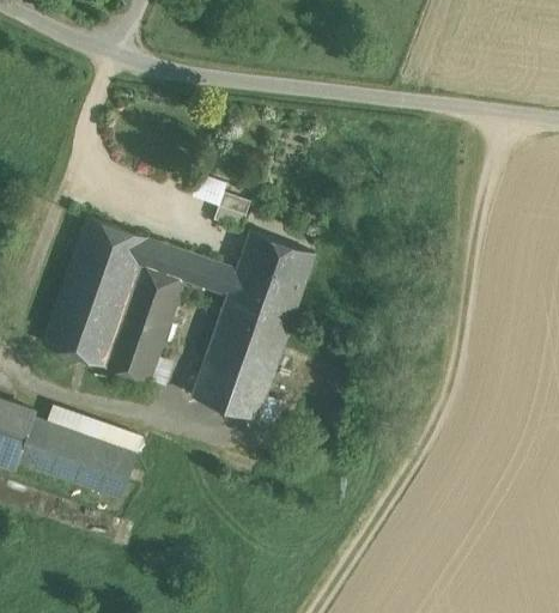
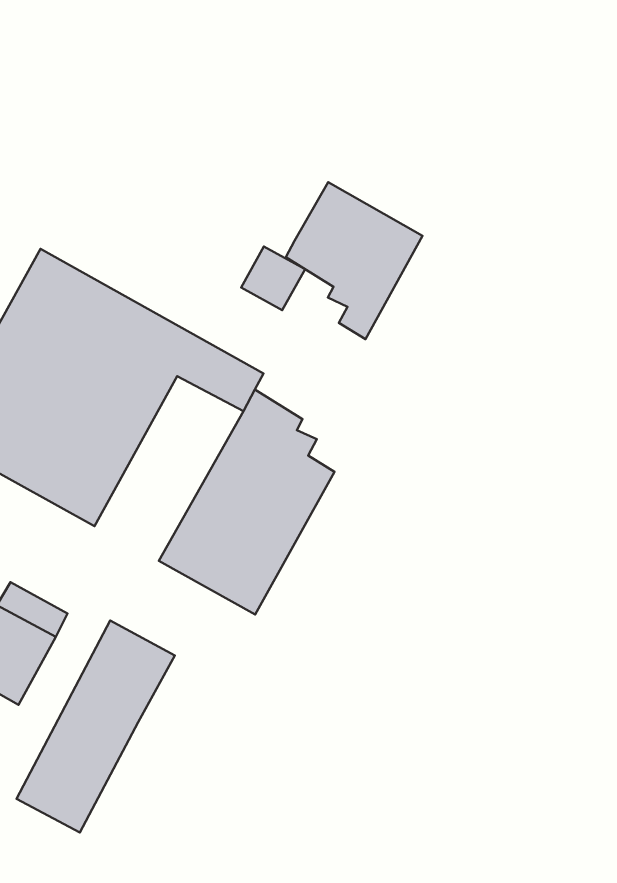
building: [233,231,315,323] -> [286,182,422,339]
building: none -> [16,621,175,832]

